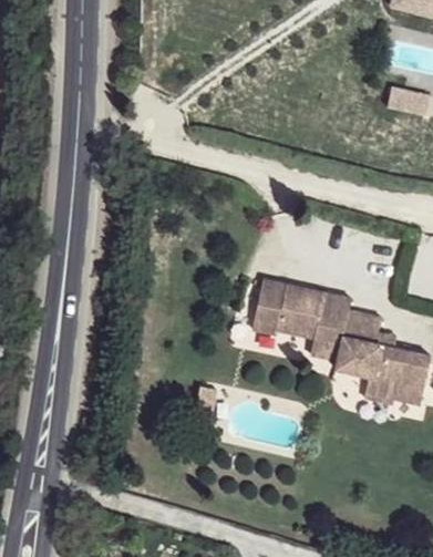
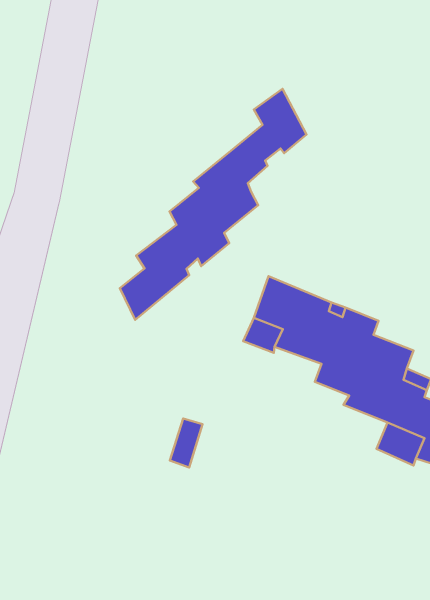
building: none -> [120,89,306,320]

